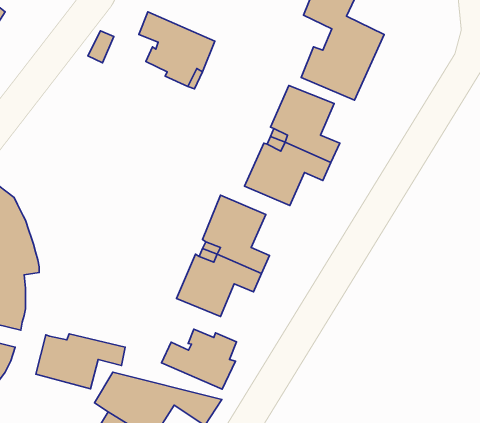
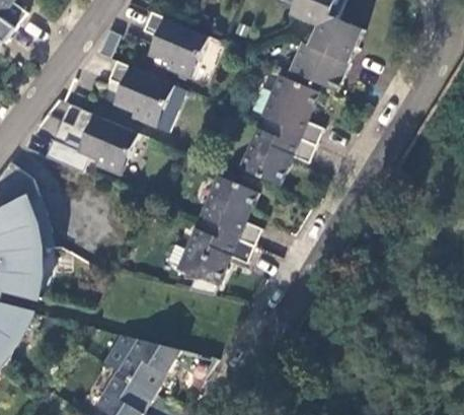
building: none -> [108,60,185,132]
building: none -> [46,109,139,176]
building: [161,329,236,389] -> none
building: [36,334,125,389] -> none

